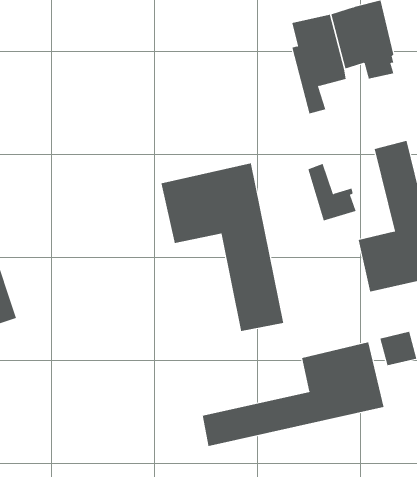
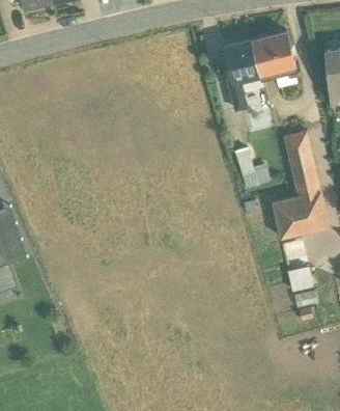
building: [161,163,284,332] -> none
building: [202,342,384,447] -> none

